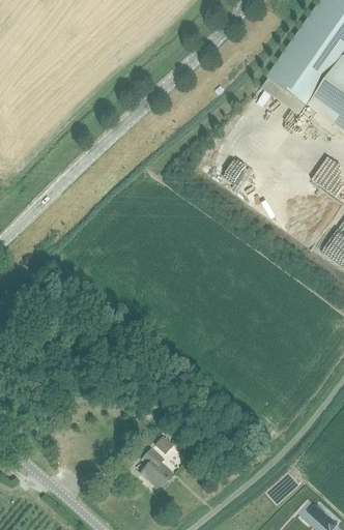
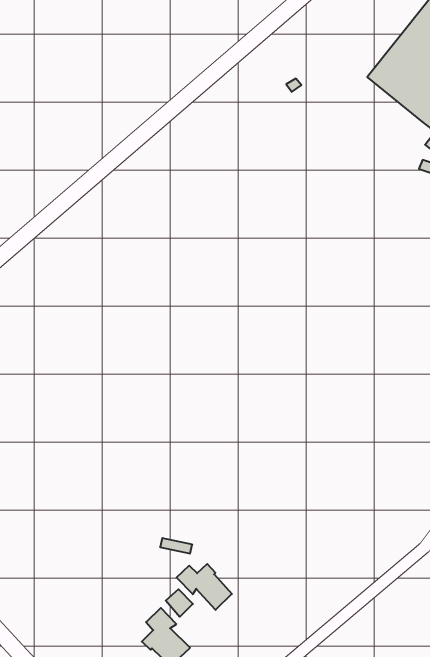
building: none -> [177,564,232,610]

